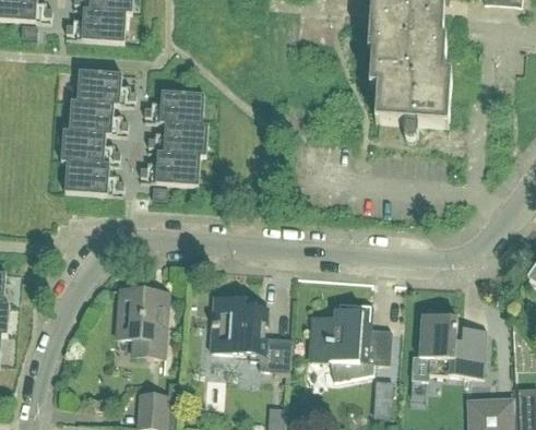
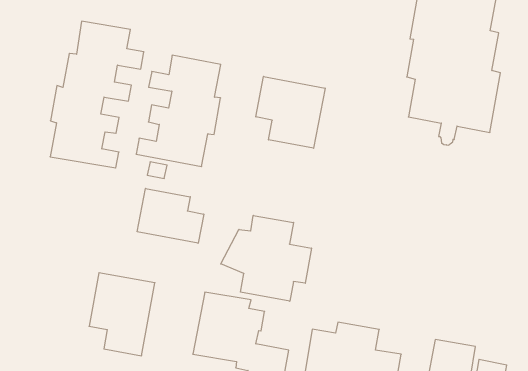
building: none -> [256,76,325,148]
building: none -> [137,188,204,243]
building: none -> [221,215,311,301]

